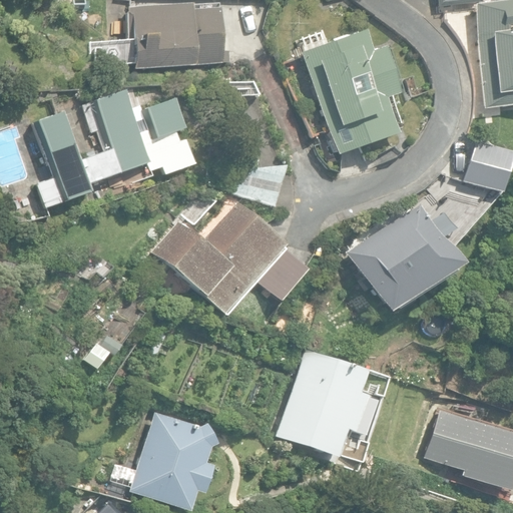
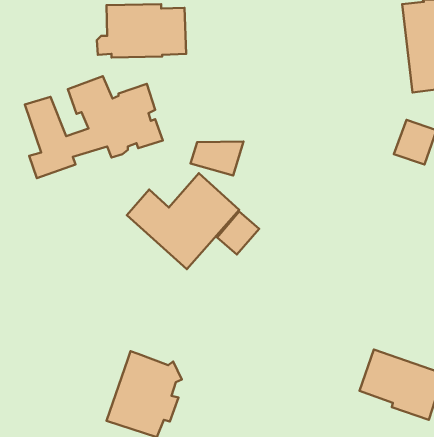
building: [304,30,402,154] -> none
building: [347,203,462,312] -> none
building: [278,349,369,457] -> none

